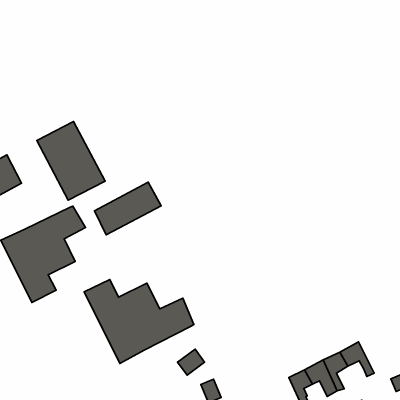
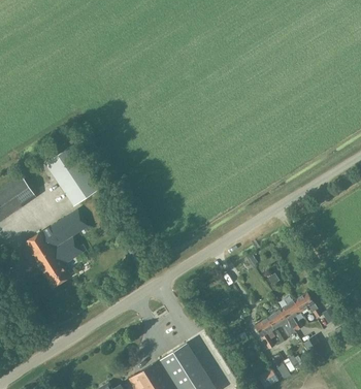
building: [95,182,161,235] -> none
building: [84,279,194,363] -> none

